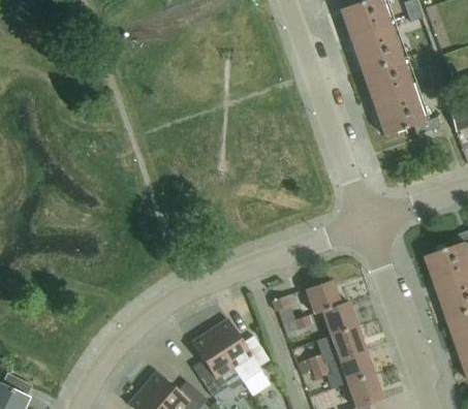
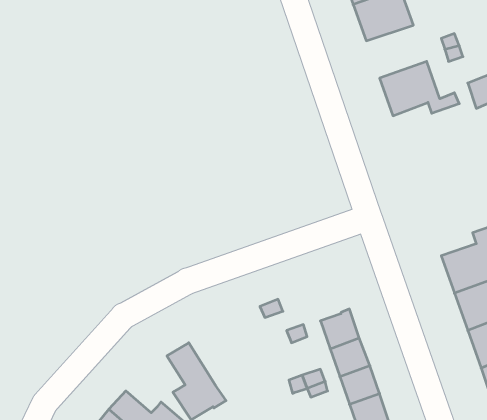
building: [363,59,414,104] -> none
building: [307,280,341,315] -> none
building: [211,319,270,380] -> none

